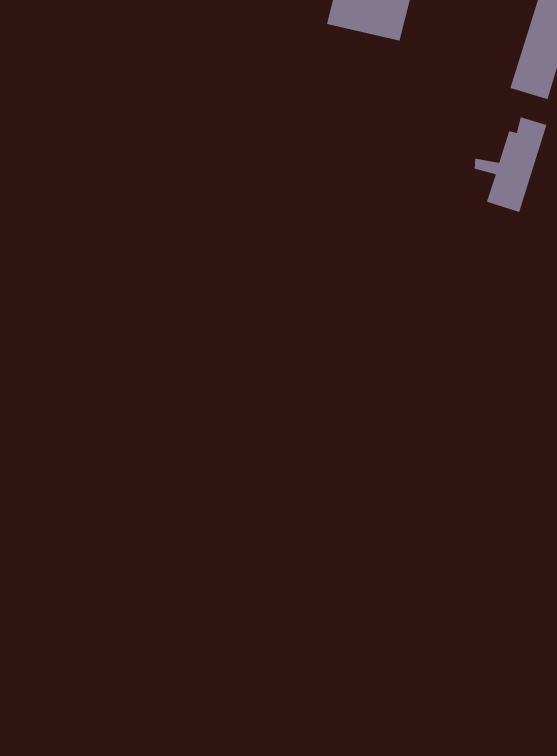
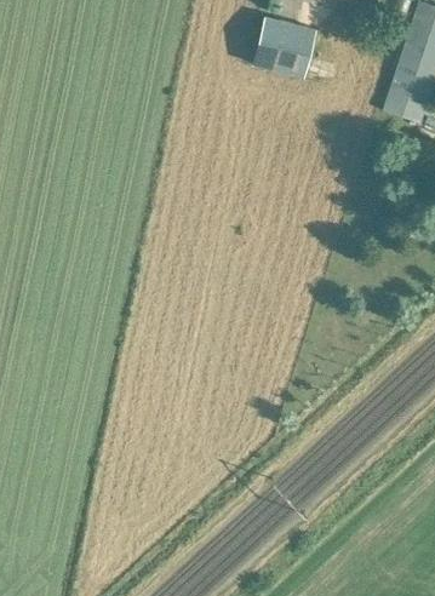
building: [474,117,547,213] -> none

